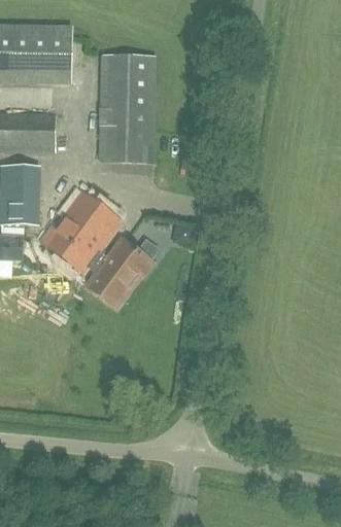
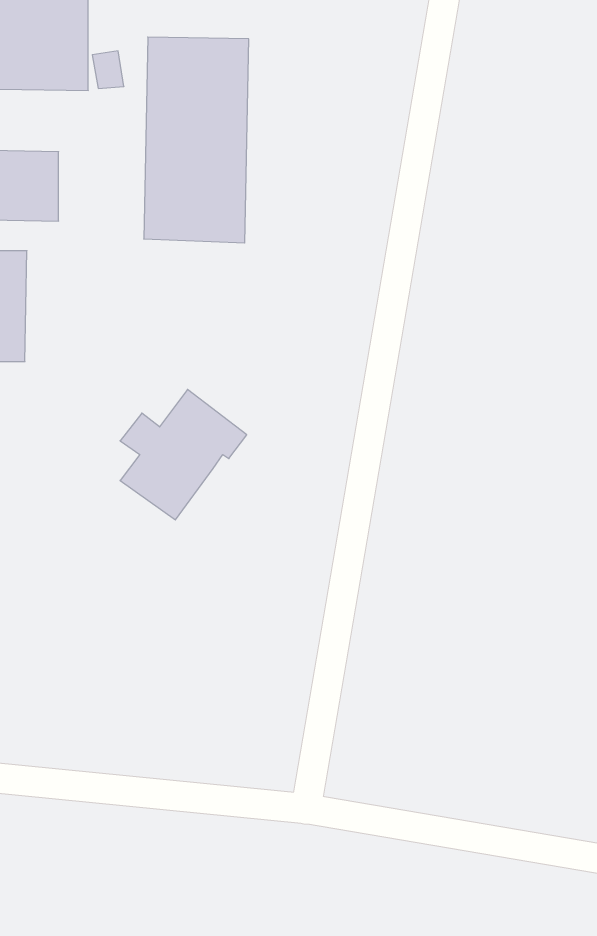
building: [46,191,121,272] -> none

